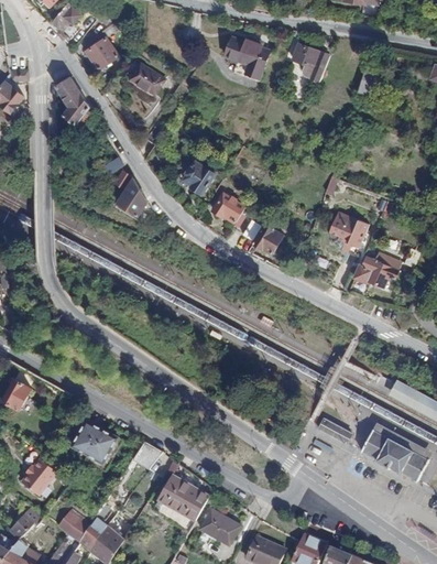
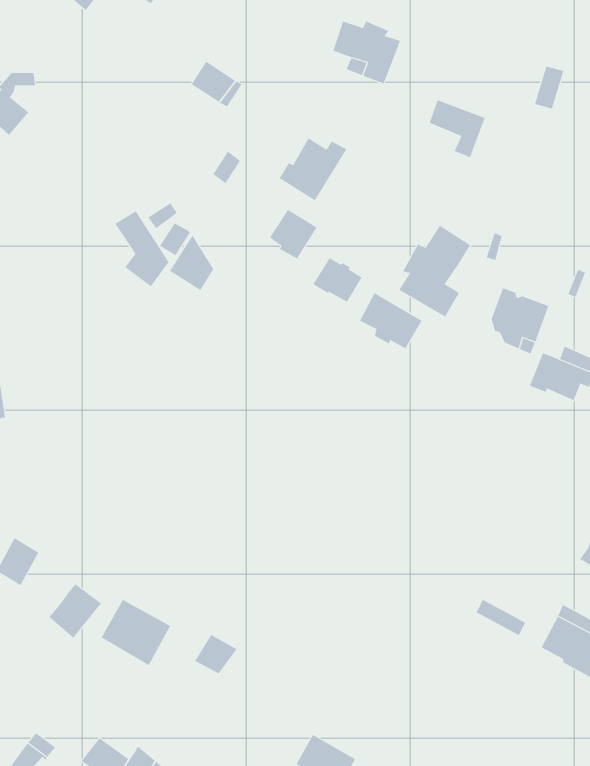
building: [84,39,116,69] -> none
building: [291,43,328,82] -> [429,99,485,158]
building: [54,77,90,128] -> [114,210,169,287]
building: none -> [279,137,347,201]
building: none -> [399,225,471,318]
building: [21,458,56,495] -> [49,584,102,639]
building: [157,475,208,520] -> none

